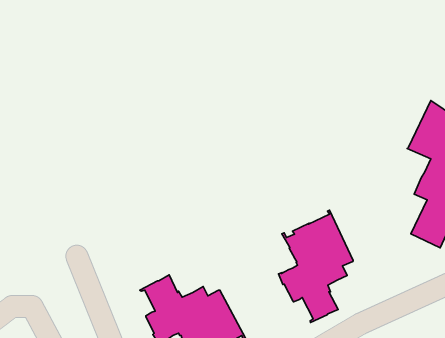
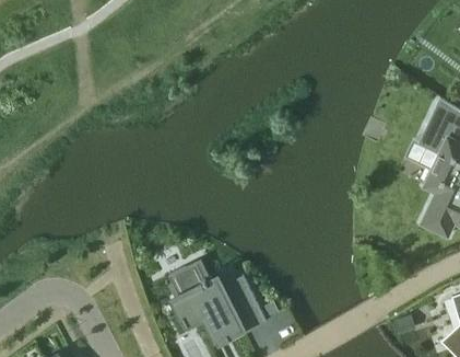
building: [279,210,353,323] -> none

